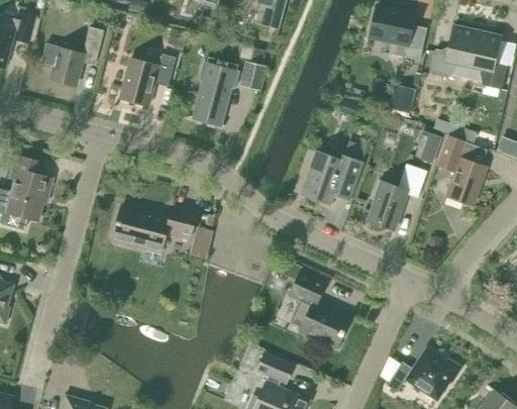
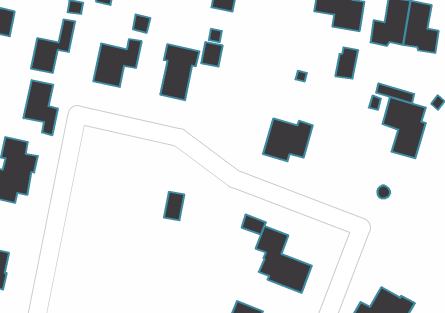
building: none -> [24,80,58,135]
building: [369,164,427,226] -> none
building: [114,205,197,251] -> none

